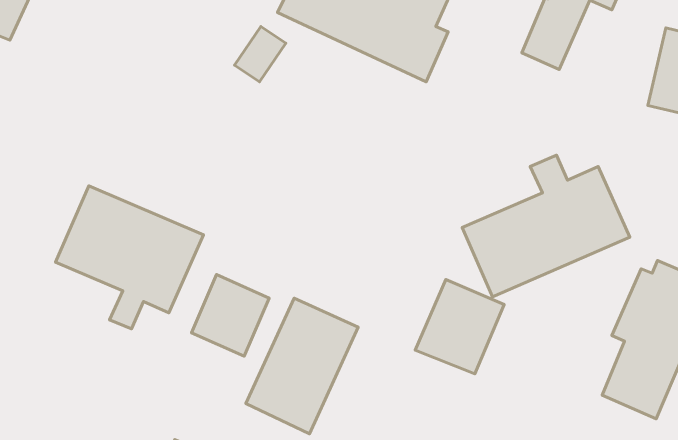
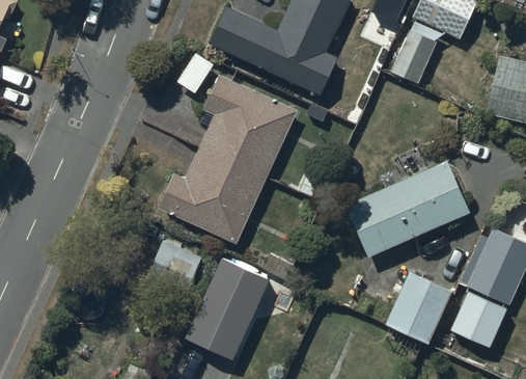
building: none -> [156,77,296,245]
building: [56,186,203,329] -> none
building: [415,280,504,374] -> [387,271,453,342]

